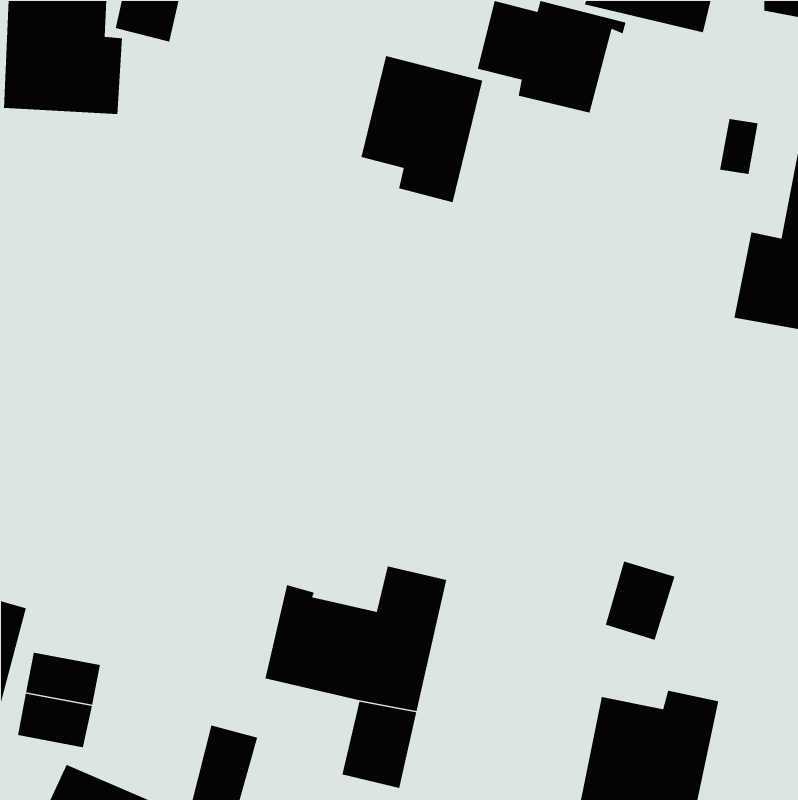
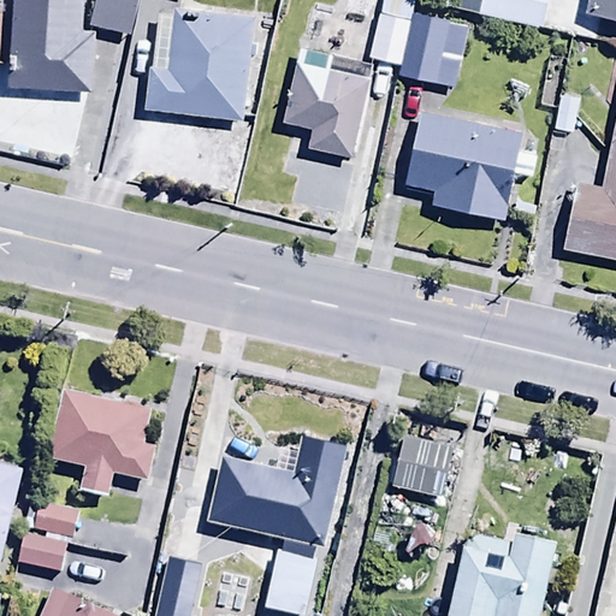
building: none -> [143,10,254,119]
building: none -> [403,111,541,220]
building: none -> [49,390,160,497]
building: [605,561,676,641] -> [398,420,452,481]

